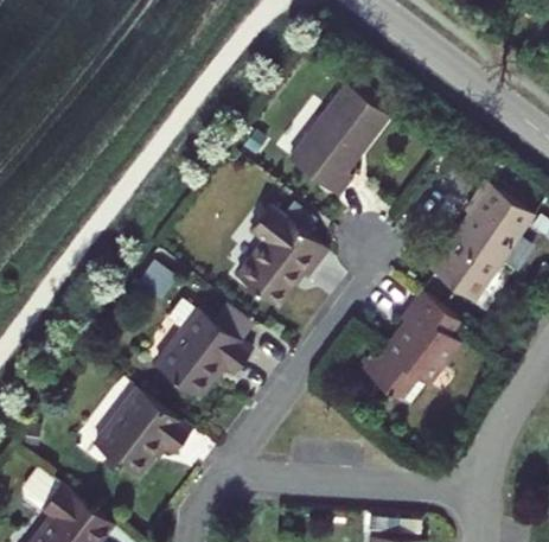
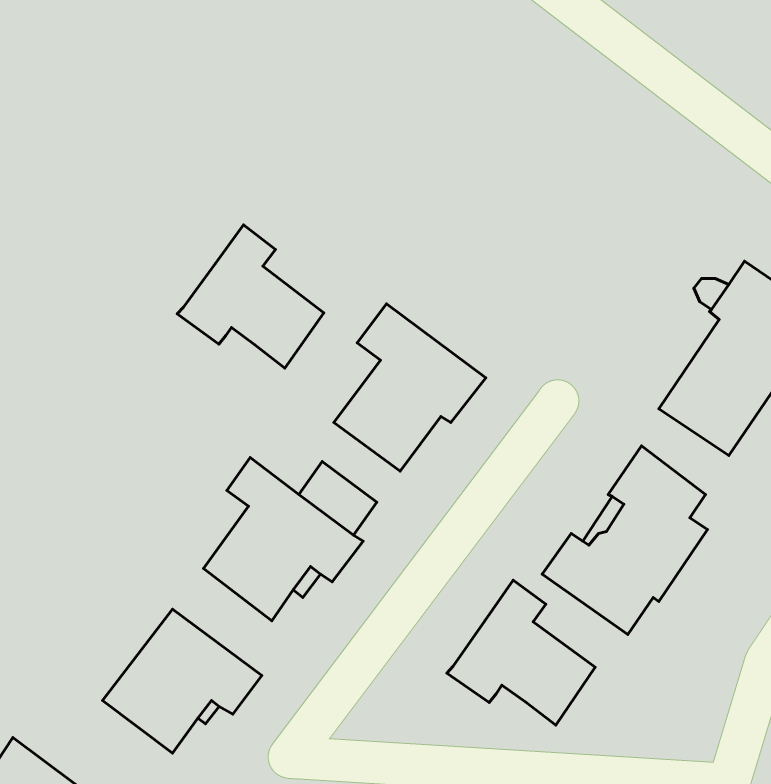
building: [287,85,387,198] -> none
building: none -> [177,225,324,368]
building: none -> [447,580,595,725]

